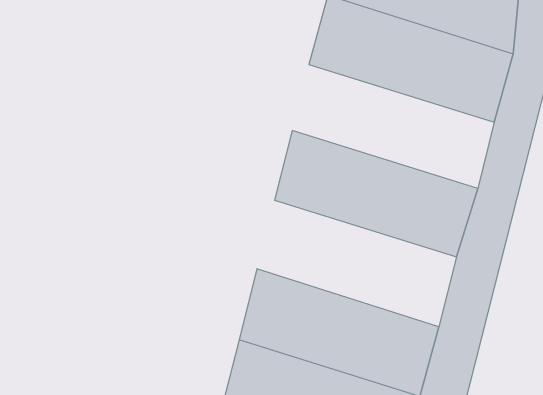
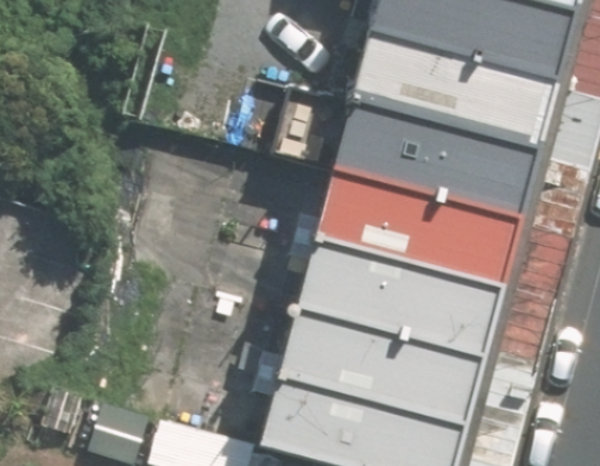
building: none -> [333,96,536,221]
building: none -> [297,233,498,360]

